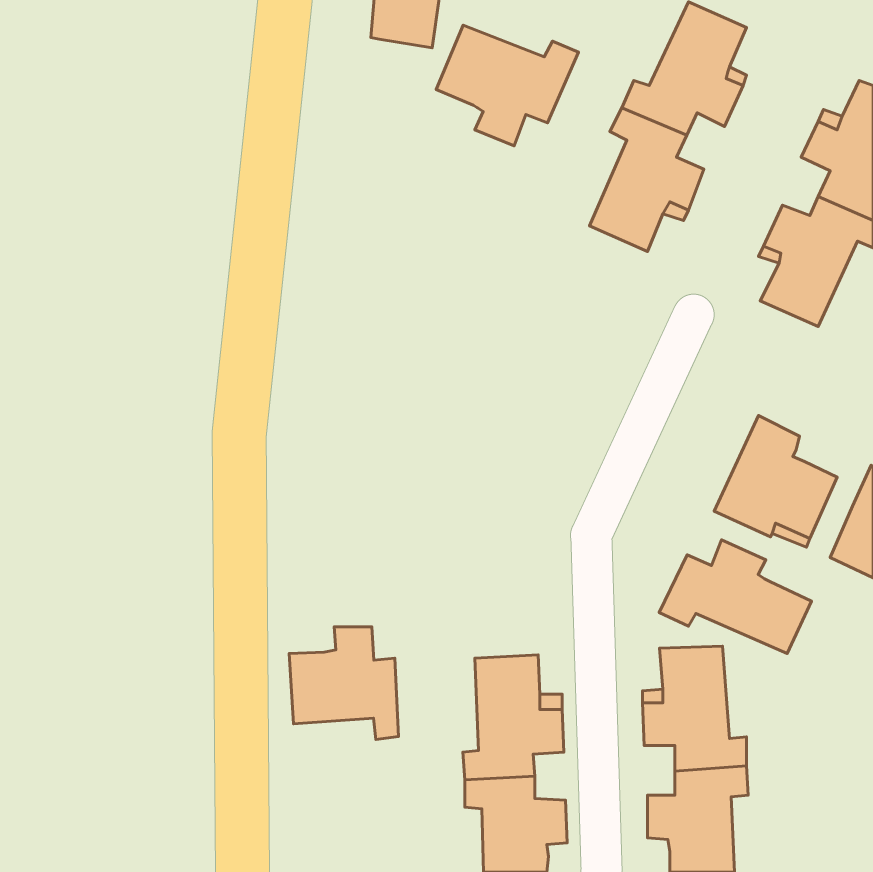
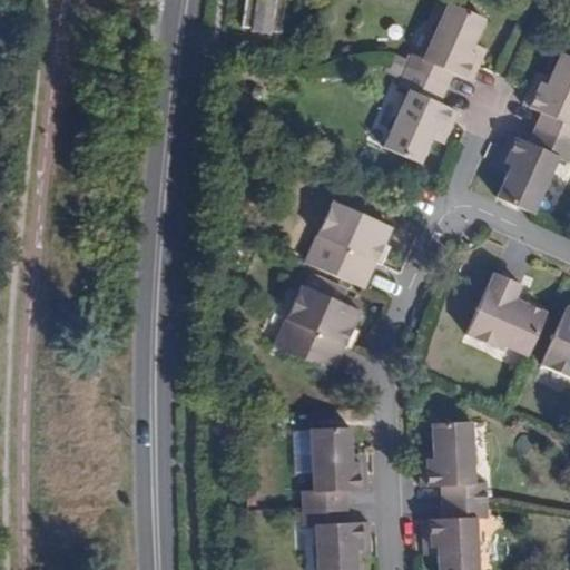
building: [436,25,578,146] -> none
building: none -> [305,200,393,288]
building: none -> [274,284,361,373]
building: [659,540,811,654] -> none
building: [289,627,398,739] -> none

